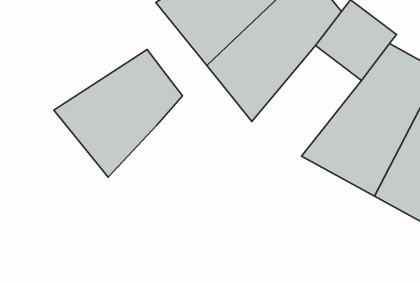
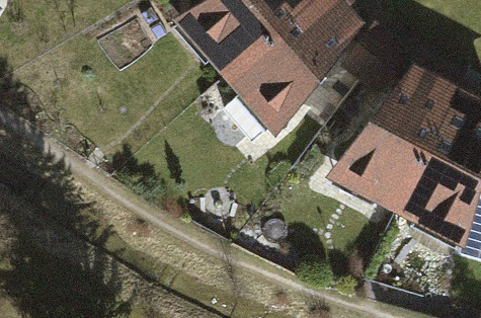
building: [54,50,182,177] -> none

